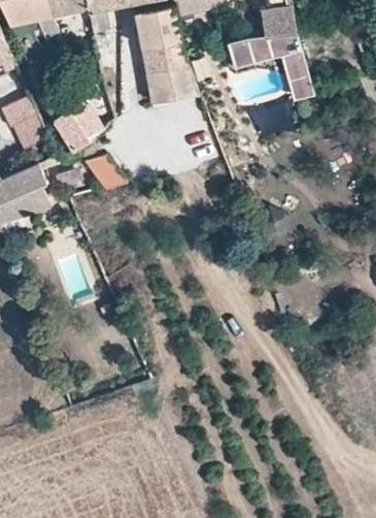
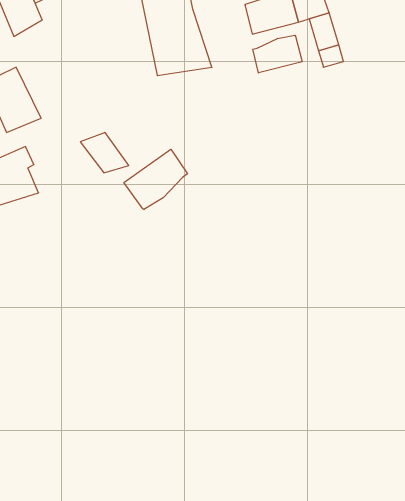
building: none -> [253,35,302,73]
building: [53,97,104,151] -> none
building: none -> [124,149,188,210]

